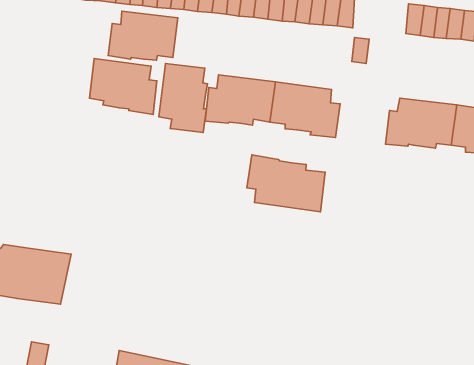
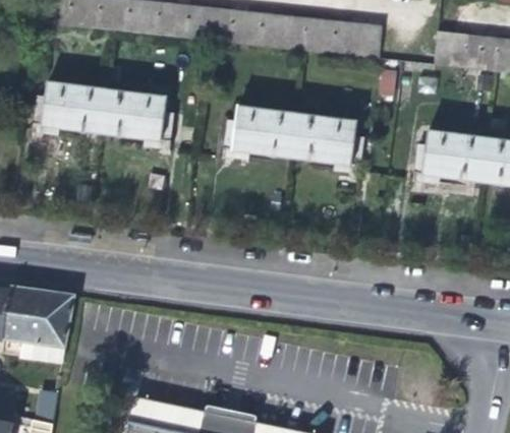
building: [108,11,178,60] -> [33,81,106,133]
building: [159,63,207,132] -> none
building: [247,155,325,212] -> none

